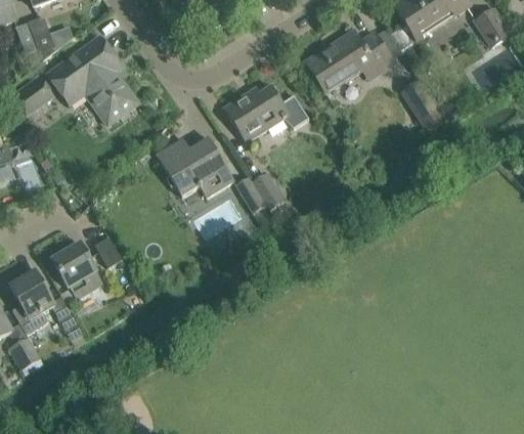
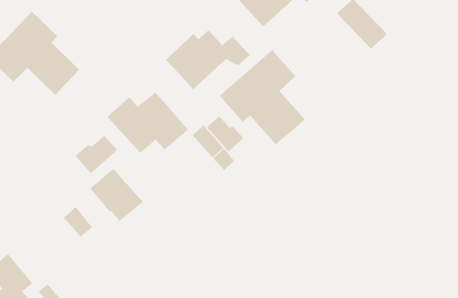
building: none -> [219,49,306,145]
building: none -> [74,135,118,174]
building: [51,244,102,298] -> [89,168,144,222]

